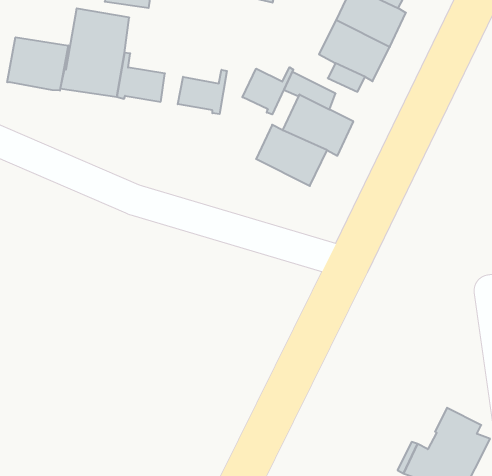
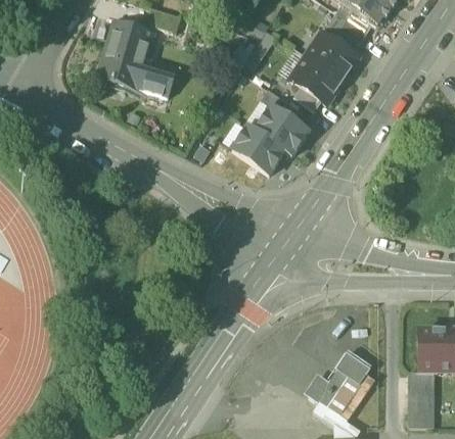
building: [7,37,68,91] -> none
building: [242,67,293,114] -> none
building: [178,70,227,114] -> none

